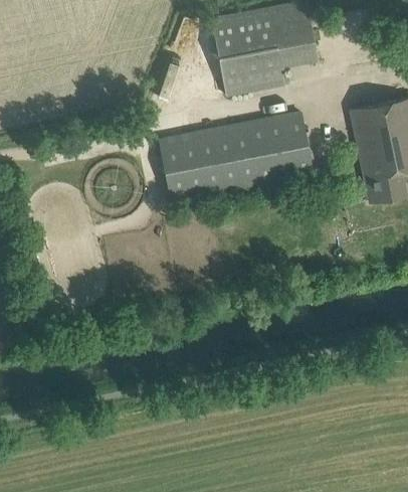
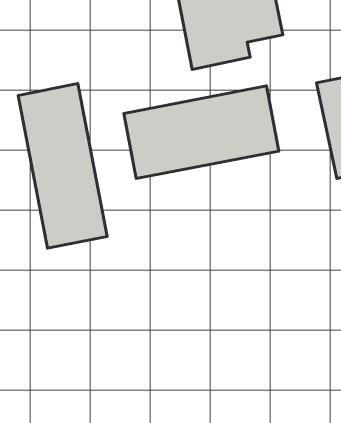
building: none -> [18,84,107,248]

